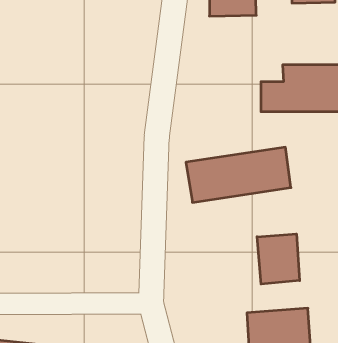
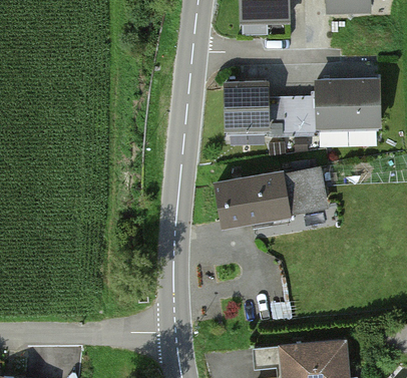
building: none -> [223,82,294,129]
building: [257,234,300,284] -> none

